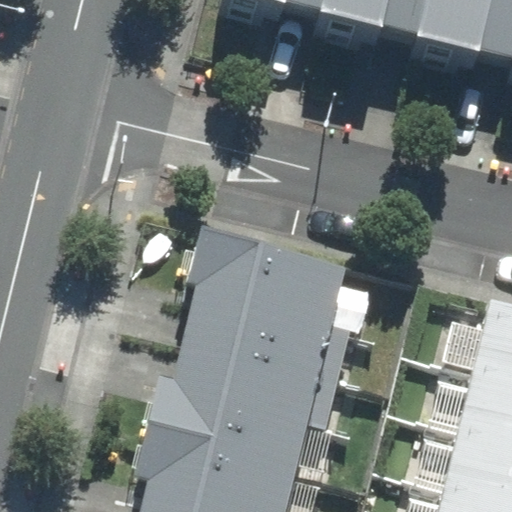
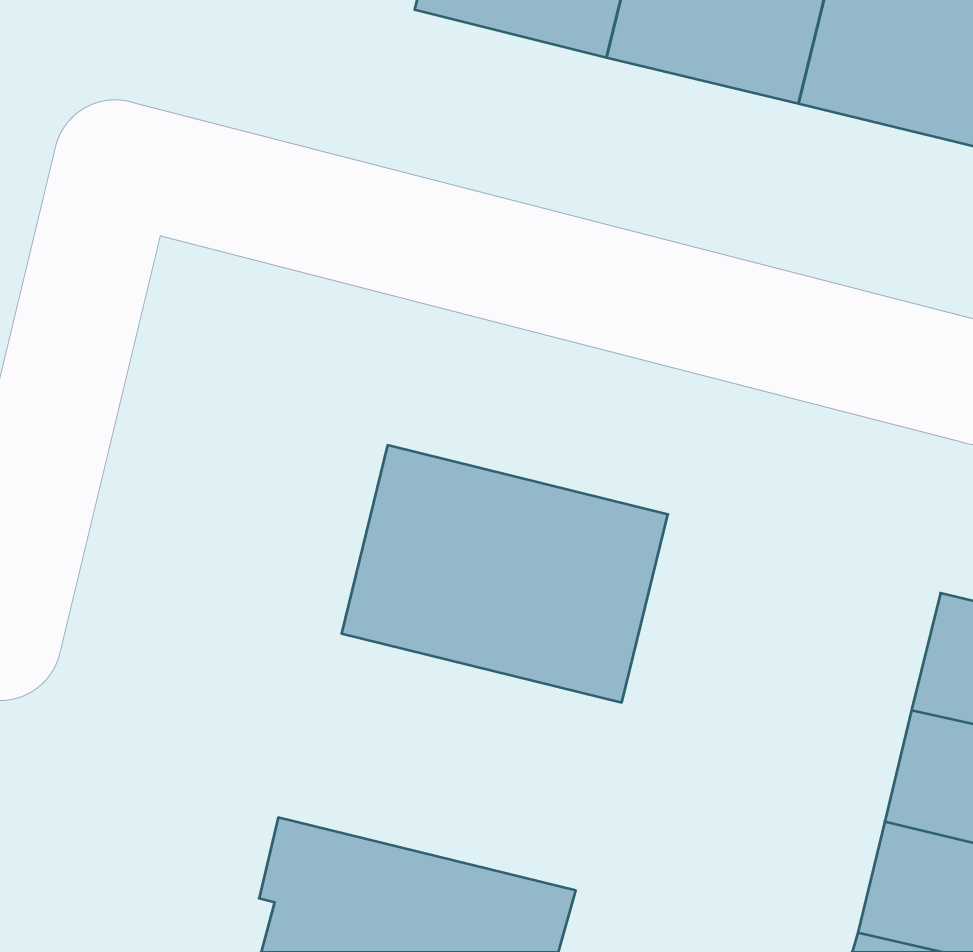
building: [149,330,328,464] -> none

